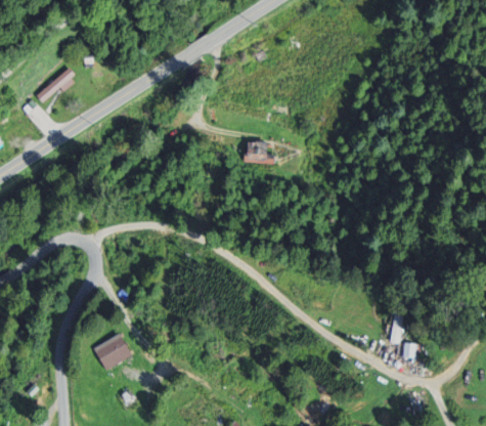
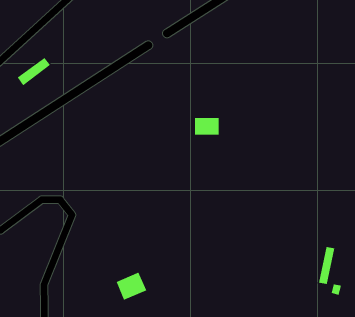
building: [93,336,131,371] -> [116,272,147,301]

